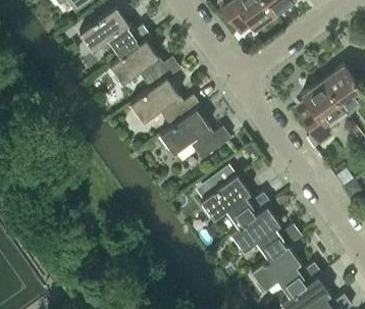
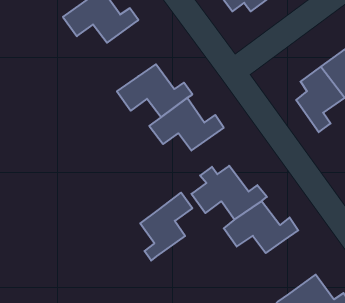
building: [109,41,179,91] -> none
building: none -> [140,193,192,261]
building: [250,246,321,297] -> none

